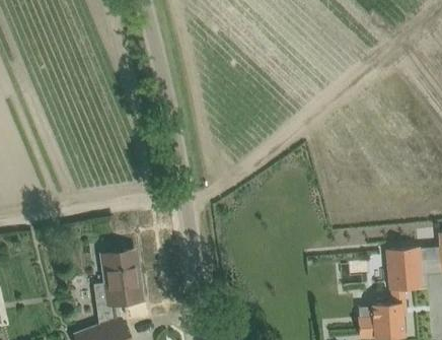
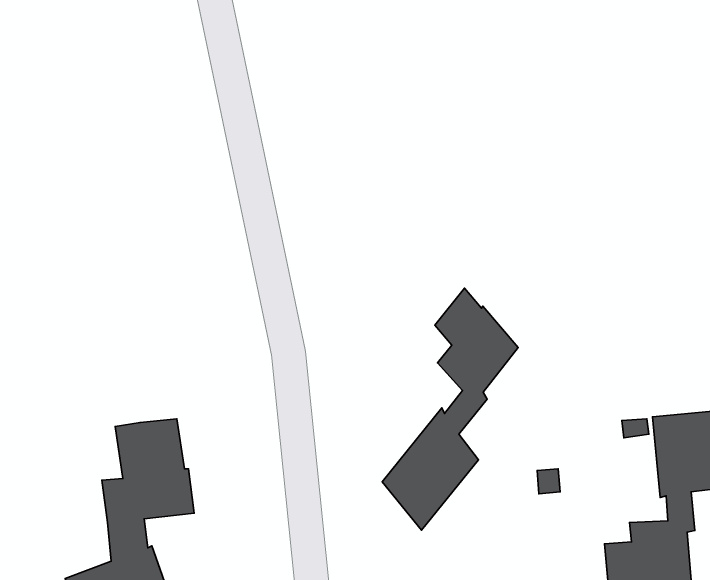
building: none -> [382,288,518,530]

